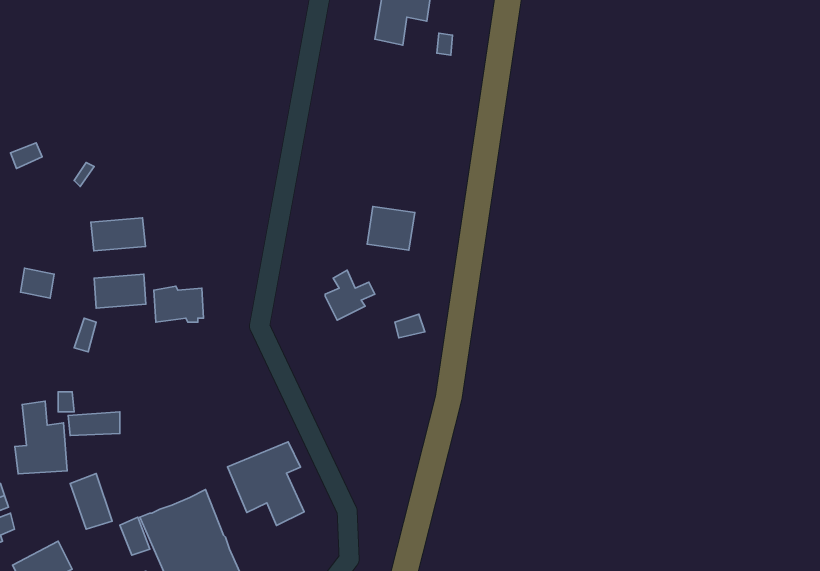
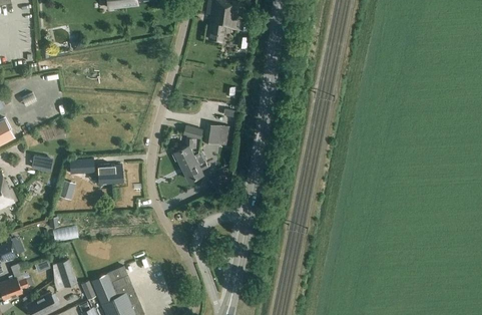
building: none -> [172,125,202,169]
building: [91,218,145,251] -> none
building: [15,401,67,474] -> none
building: [228,442,304,526] -> none

